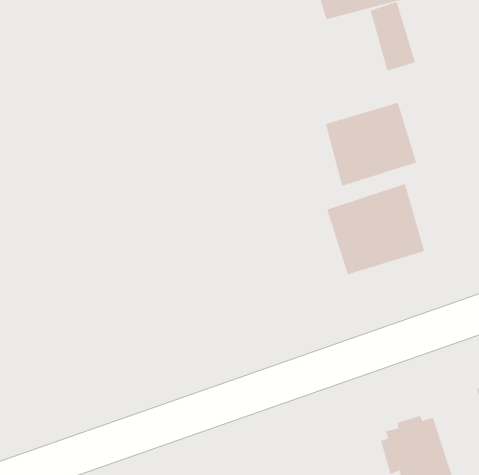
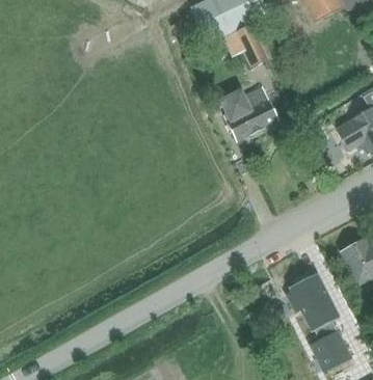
building: [326,183,426,275] -> none

